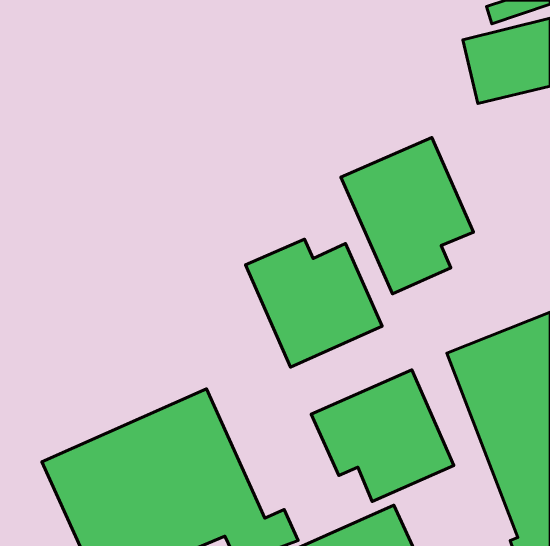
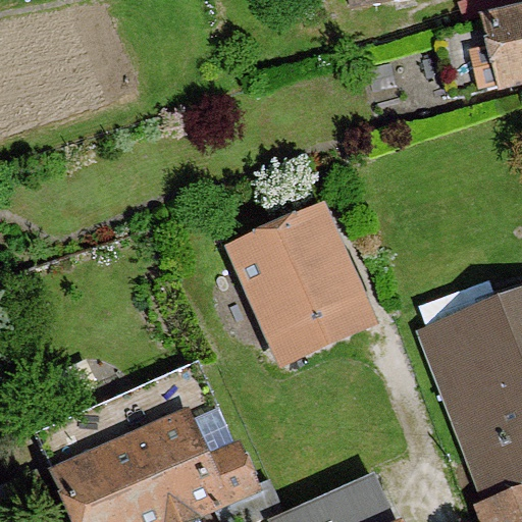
building: [341,137,474,294] -> none
building: [311,370,454,501] -> none

